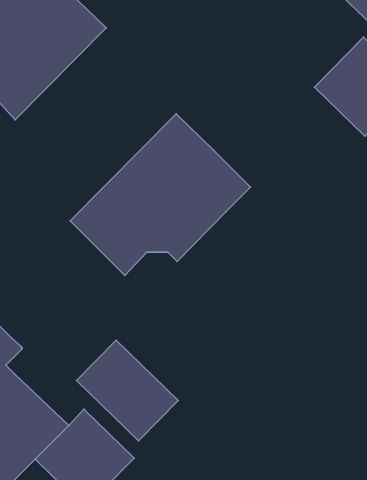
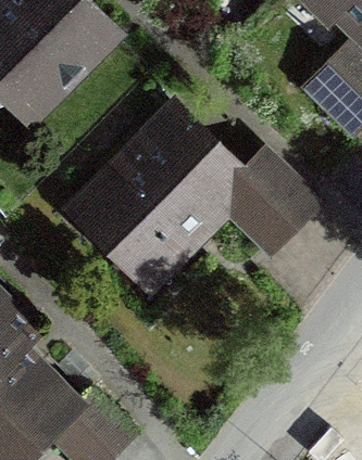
building: none -> [222,159,314,252]
building: [77,340,178,441] -> none

